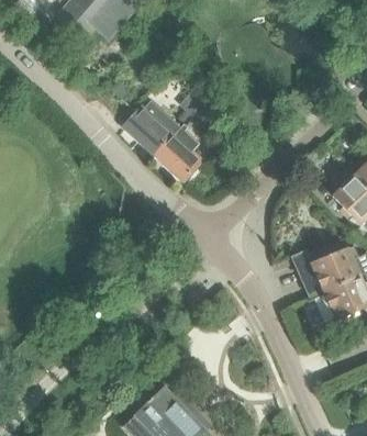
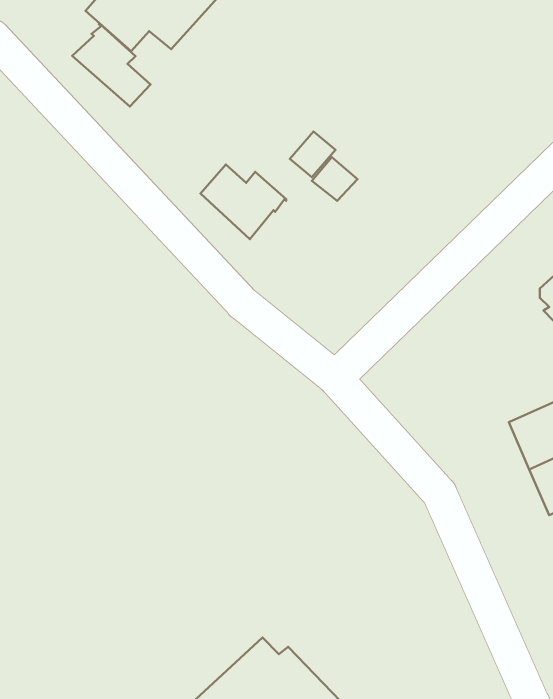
building: none -> [72,24,151,106]
building: [155,128,201,179] -> none

